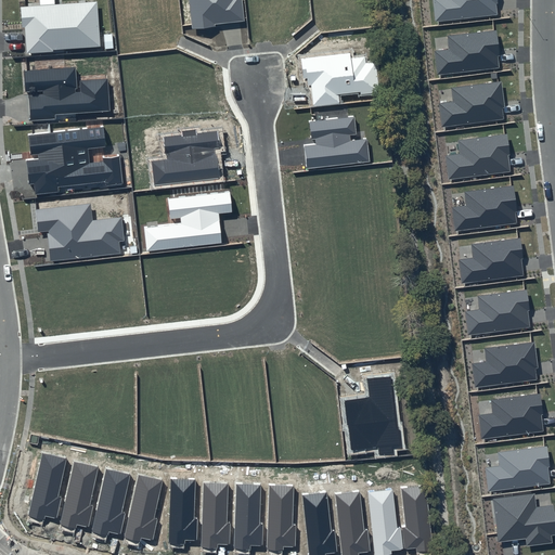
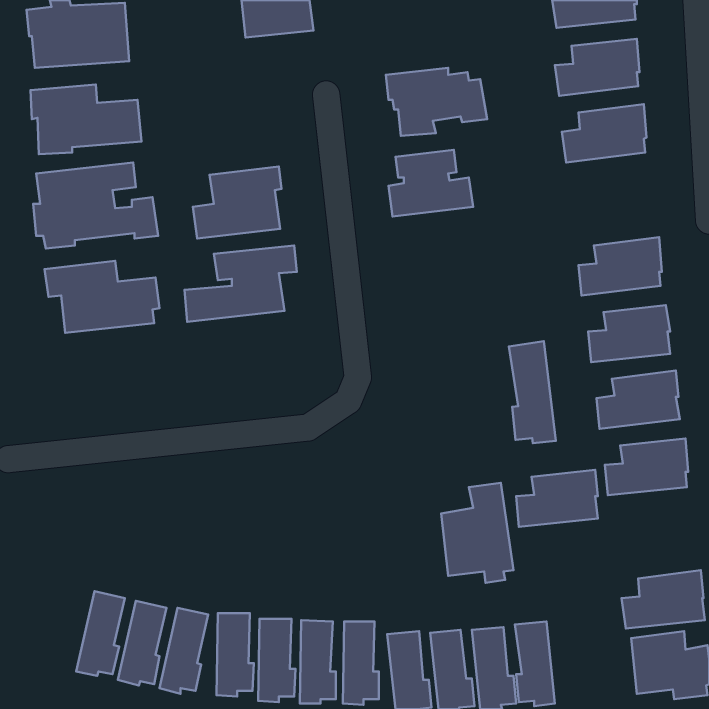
building: [446,134,511,180] -> none
building: none -> [509,341,556,443]
building: [479,393,543,438] -> [516,470,598,527]
building: [28,453,66,520] -> none

